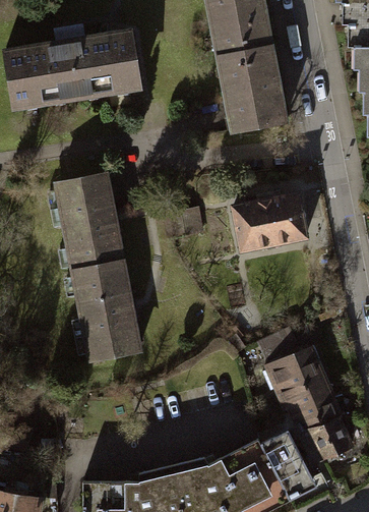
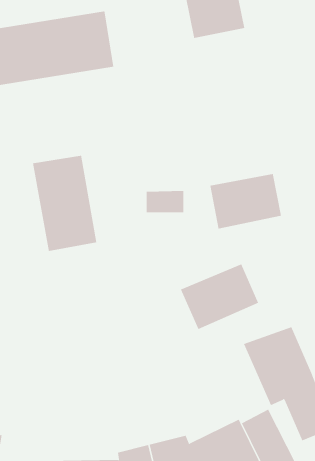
building: [217,48,283,130] -> none
building: [71,263,136,359] -> none
building: none -> [180,263,259,330]

